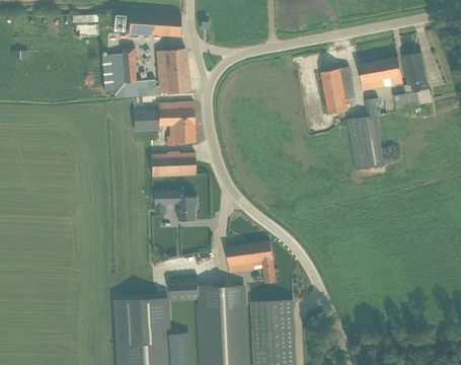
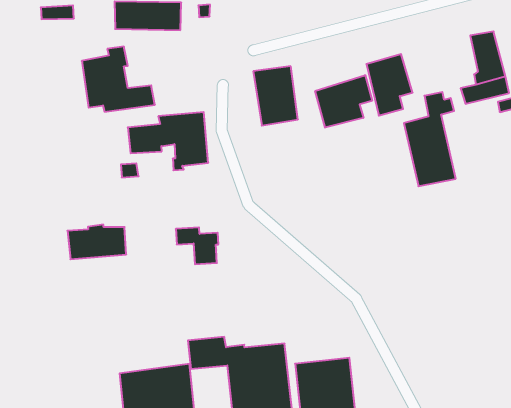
building: [154,49,186,93] -> [253,66,298,126]
building: [357,57,402,90] -> none
building: none -> [315,75,372,128]
building: [149,150,194,175] -> [67,225,126,259]
building: [226,240,276,282] -> none

